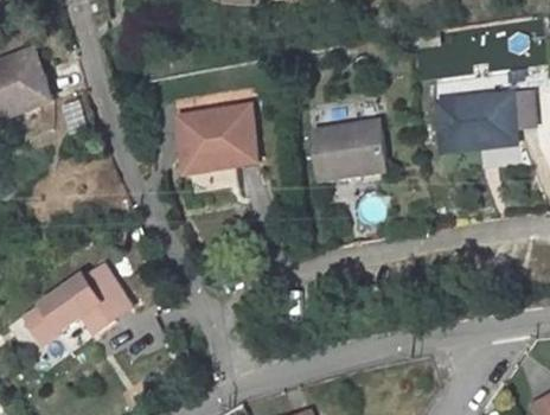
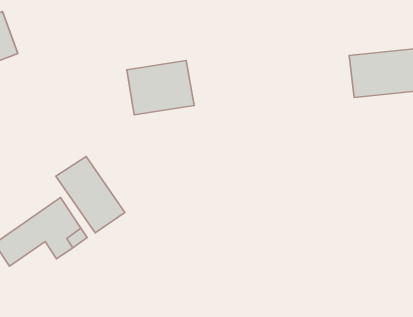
building: [314,120,384,179] -> none
building: none -> [56,157,125,233]

